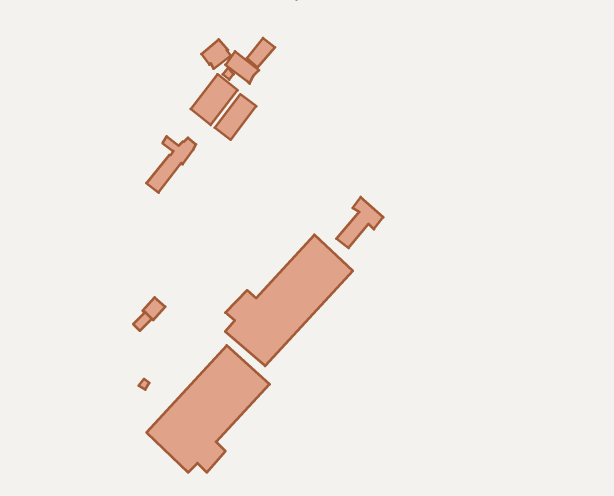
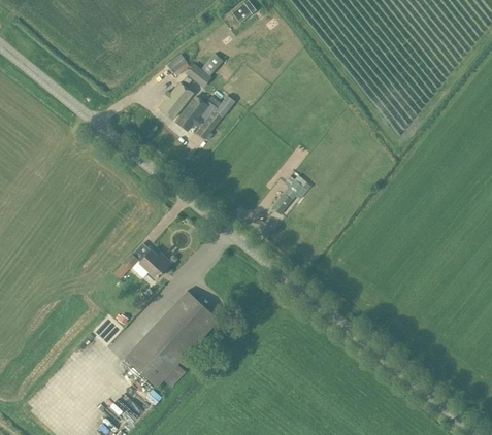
building: [146,136,196,193] -> [196,96,234,139]
building: [225,235,353,366] -> none
building: none -> [140,250,170,281]

